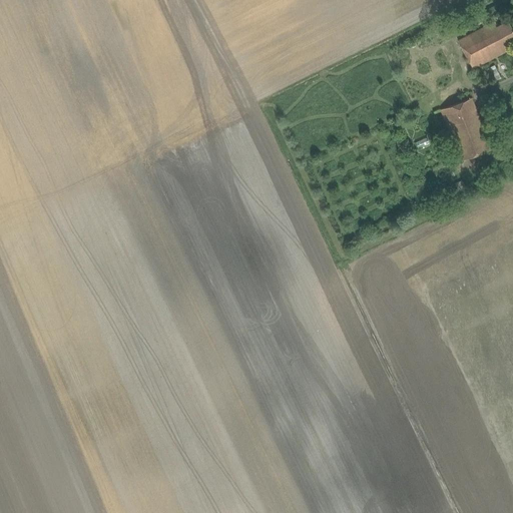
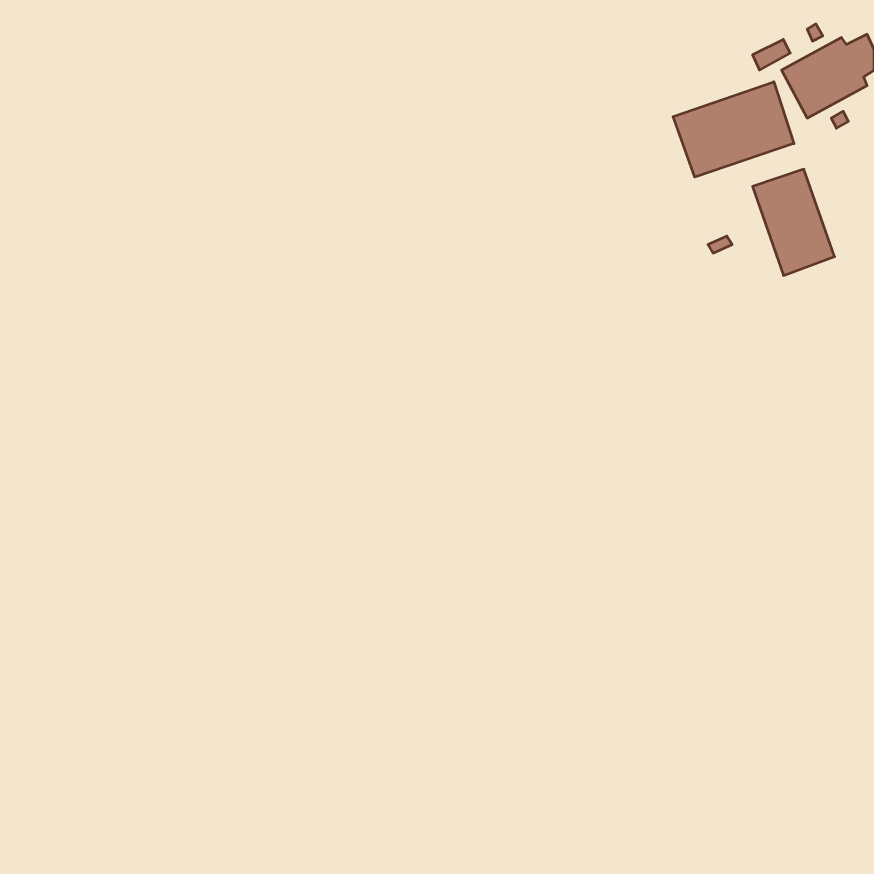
building: none -> [673,82,794,177]

